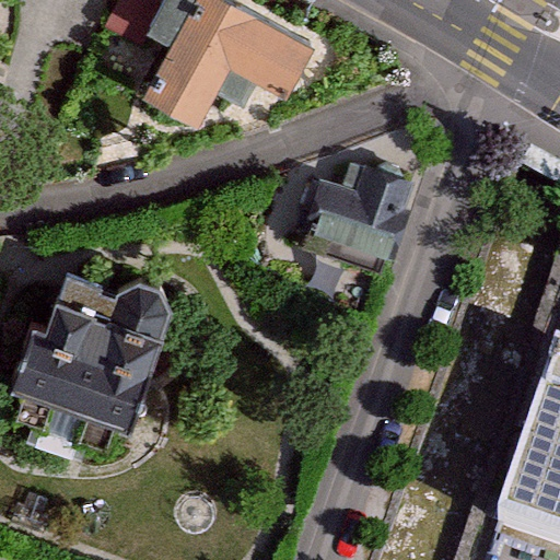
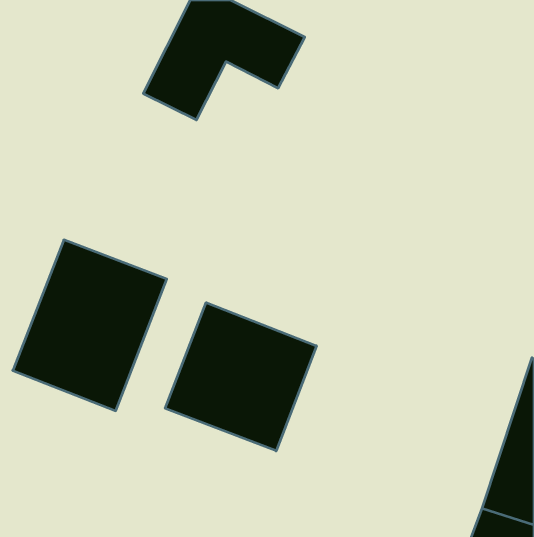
building: [307,173,412,273] -> none
building: none -> [165,303,316,451]

